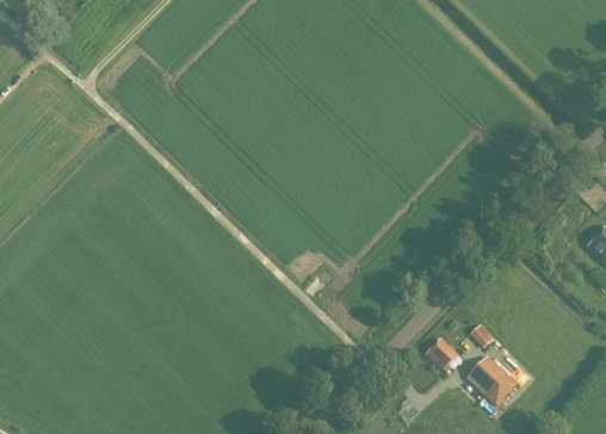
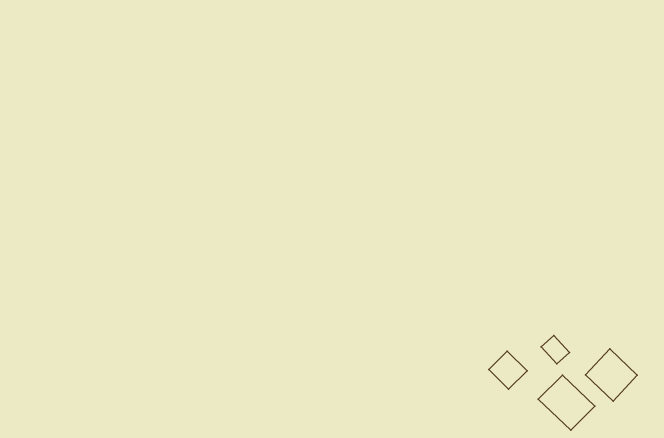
building: none -> [586,349,637,401]

